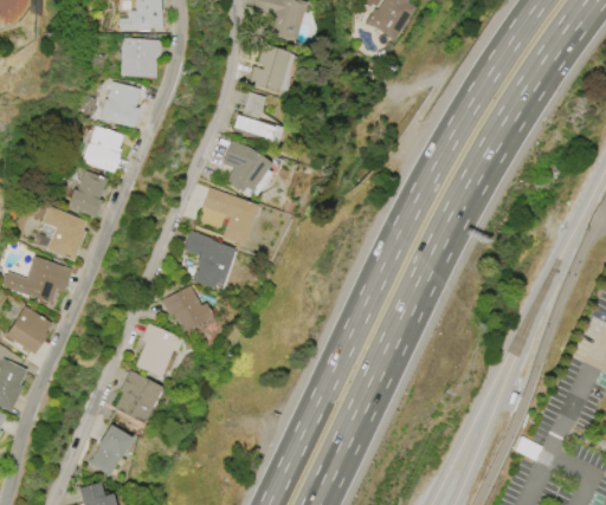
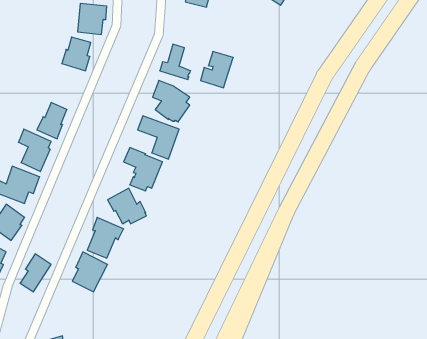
building: [247,44,291,92] -> [201,51,233,88]
building: [83,125,123,173] -> none
building: [90,423,131,474] -> [20,254,51,292]

